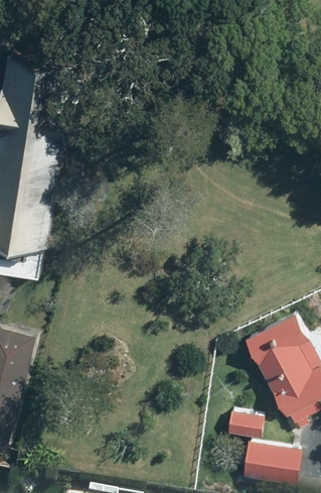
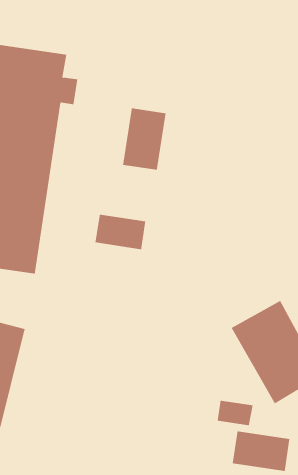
building: none -> [123,108,166,171]
building: none -> [95,214,146,250]

